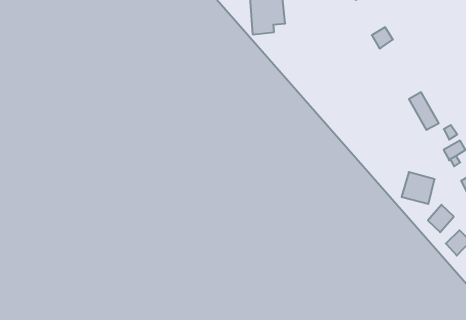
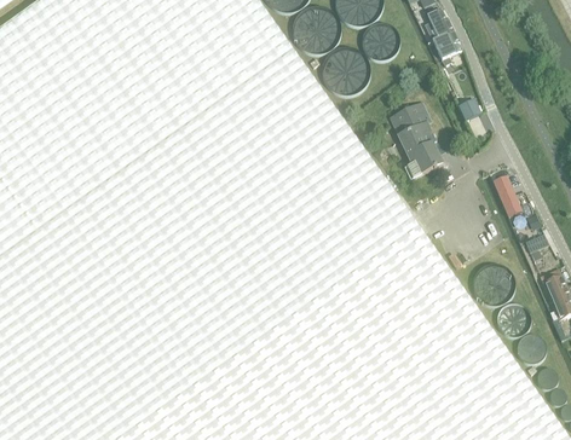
building: none -> [390,103,443,180]

